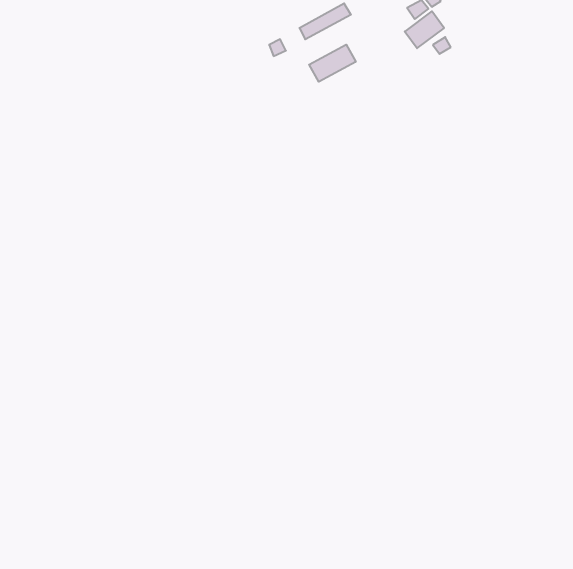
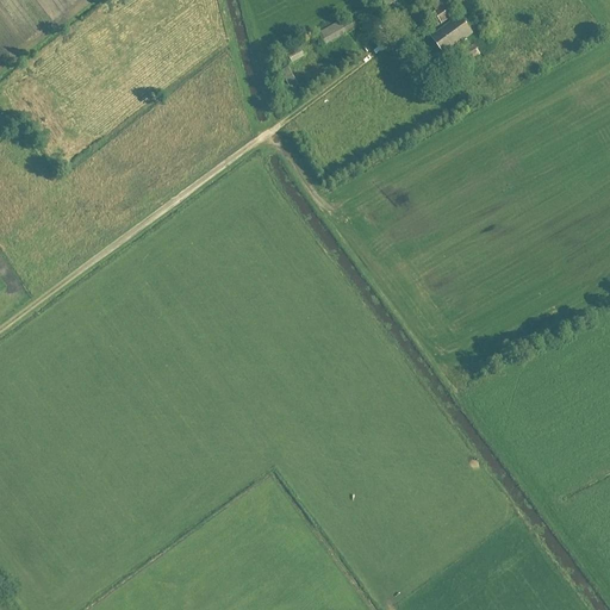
building: [309,45,356,82] -> none

